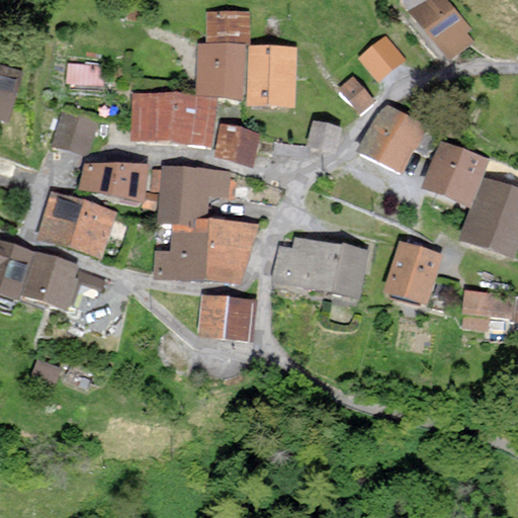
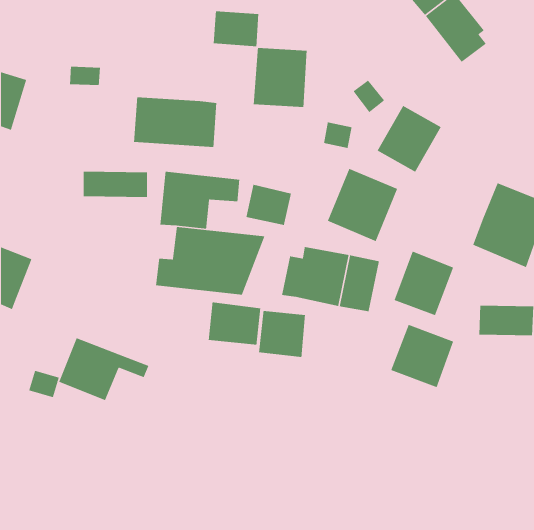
building: [363,35,406,77] -> none
building: [195,42,250,101] -> none
building: [54,111,97,151] -> none
building: [213,121,258,162] -> [246,184,292,226]
building: [420,139,489,210] -> [327,168,398,242]
building: [39,191,112,254] -> none
building: [16,250,104,312] -> [58,337,150,401]
building: none -> [258,310,306,358]
building: none -> [390,324,454,388]

